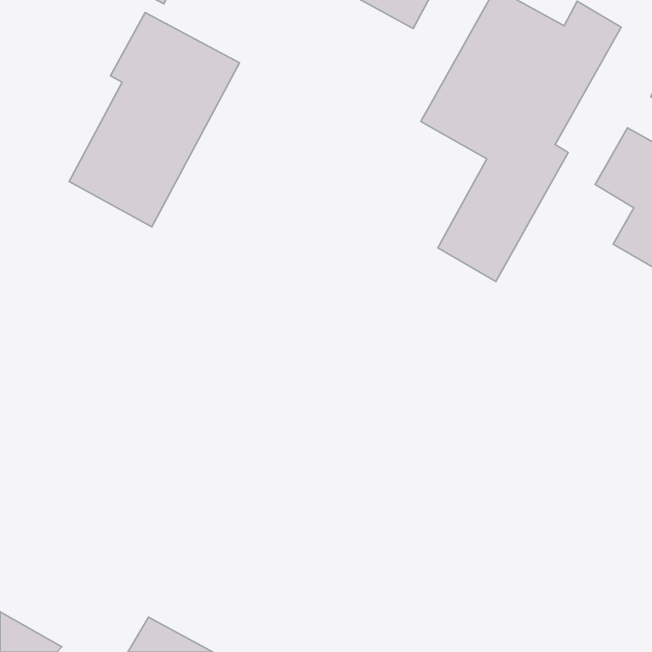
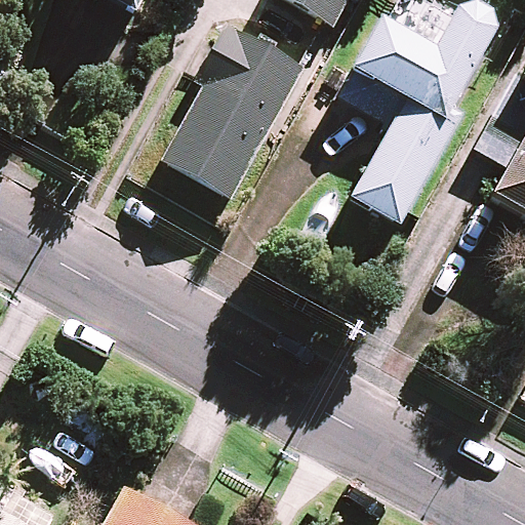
building: [69,12,240,227] -> [167,26,302,196]

